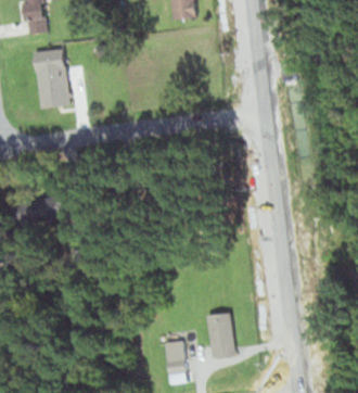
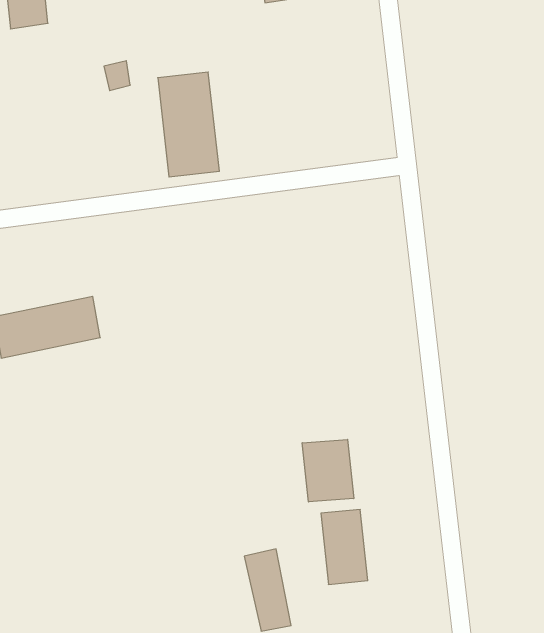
building: [34,48,69,109] -> [158,72,219,177]
building: none -> [302,439,354,502]

